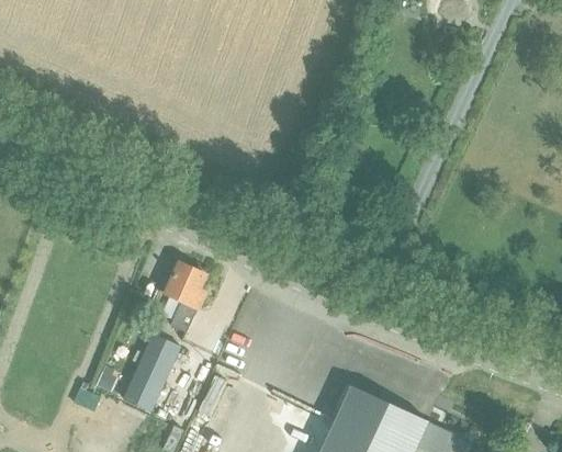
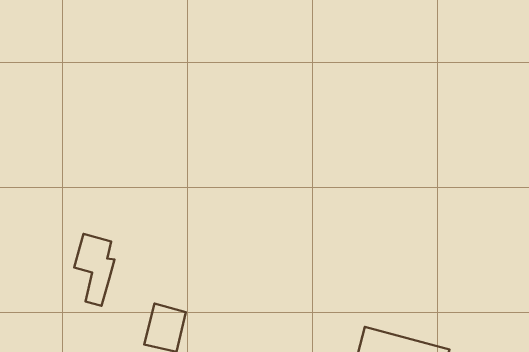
building: [166,264,205,336] -> [74,234,114,306]

